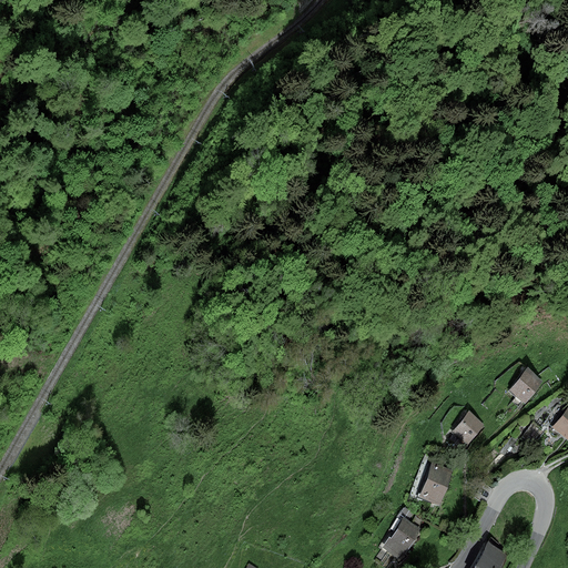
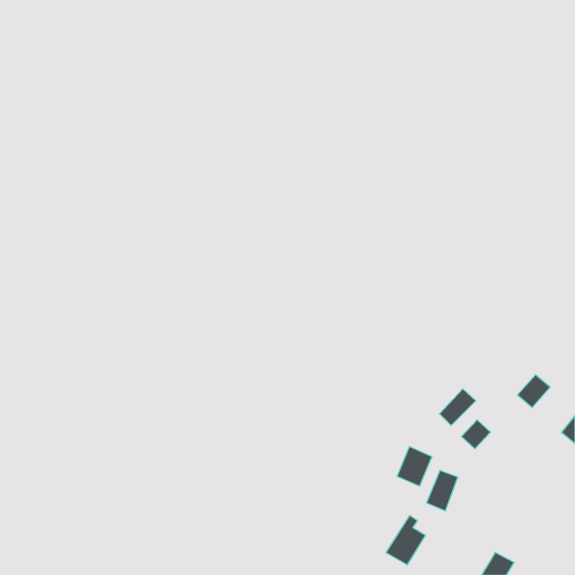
building: none -> [439,389,476,425]
building: none -> [397,447,432,486]

